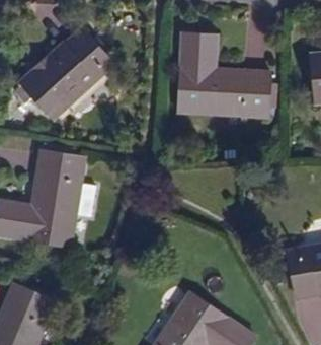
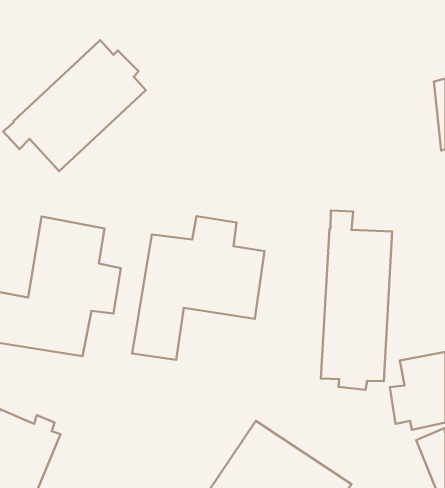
building: [178,33,270,117] -> none
building: none -> [321,211,392,390]
building: none -> [132,216,264,360]

